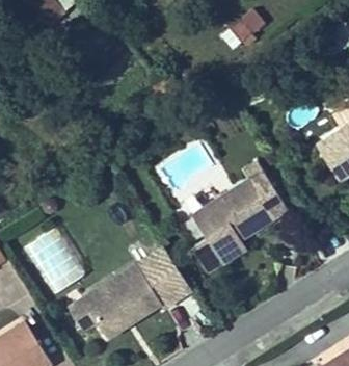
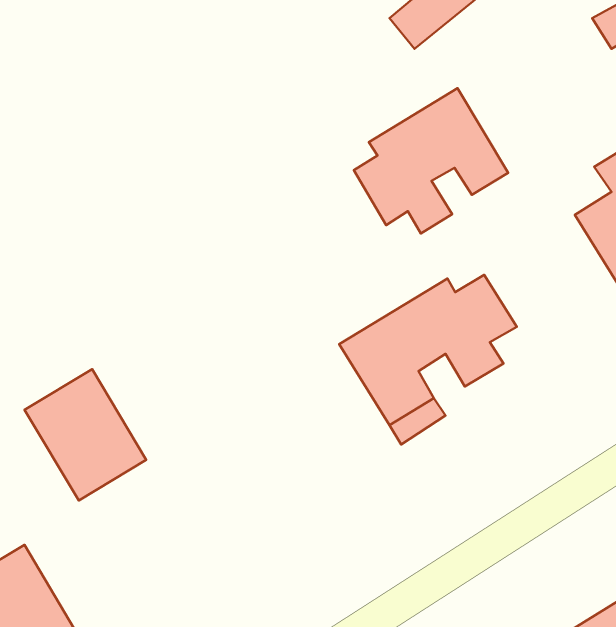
building: none -> [354,88,508,234]
building: [73,267,183,336] -> none

